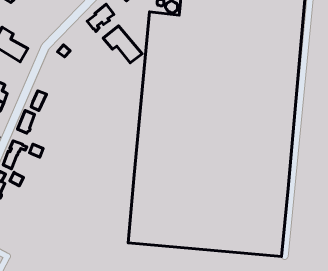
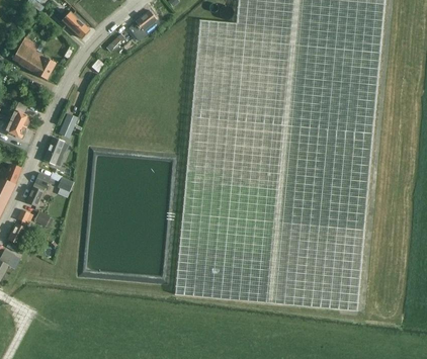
building: none -> [62,11,89,38]
building: [103,26,142,63] -> none

